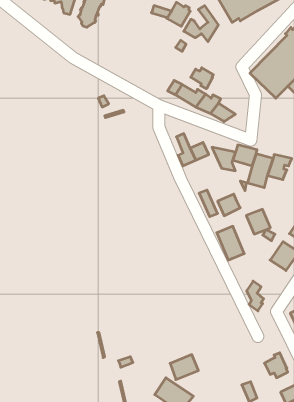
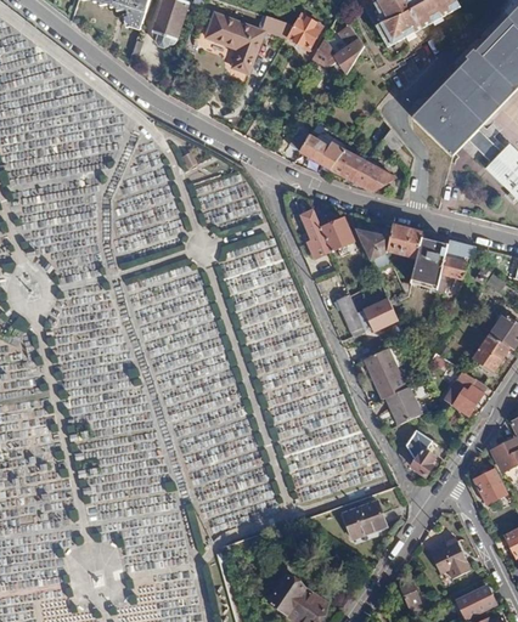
building: none -> [207,12,265,73]
building: [191,68,213,89] -> none
building: [246,209,270,234] -> [385,386,422,424]
building: [170,355,198,380] -> [343,501,385,538]

